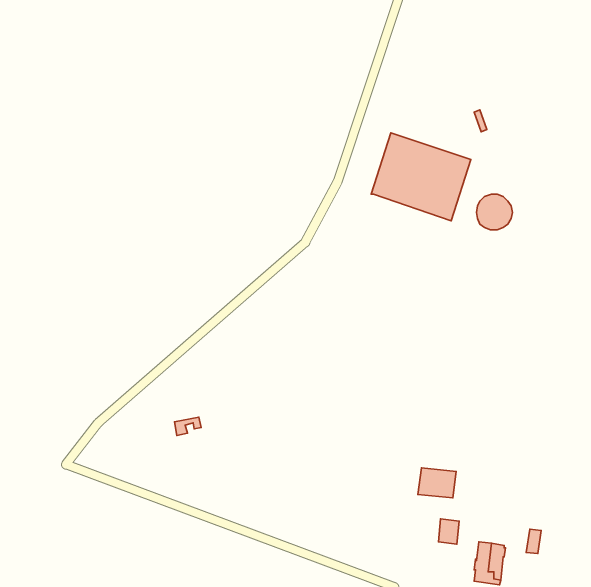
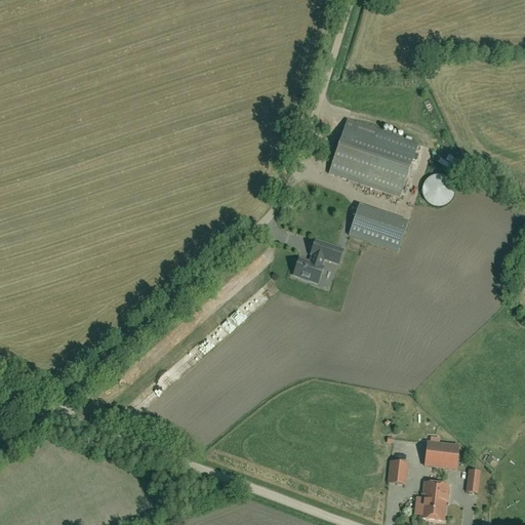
building: none -> [349,211,405,250]
building: none -> [294,239,342,281]
building: [418,468,456,498] -> [425,441,458,468]

